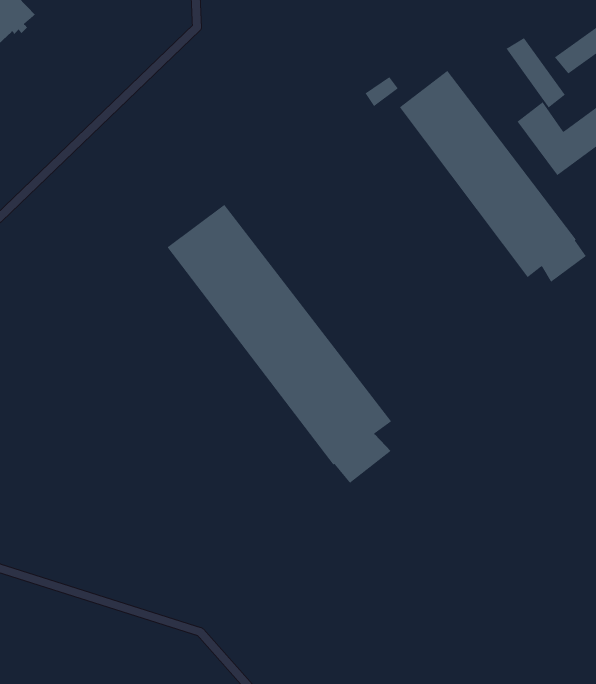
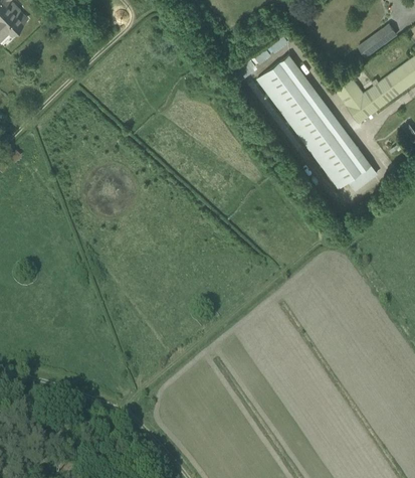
building: [505,37,566,108] -> none
building: [167,204,392,484] -> none

